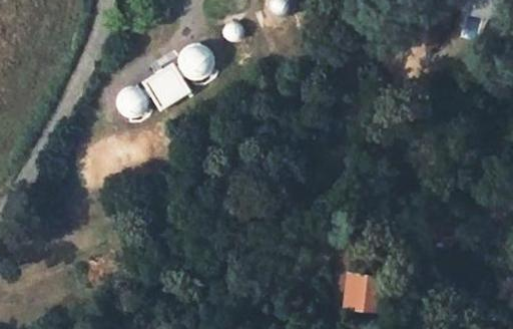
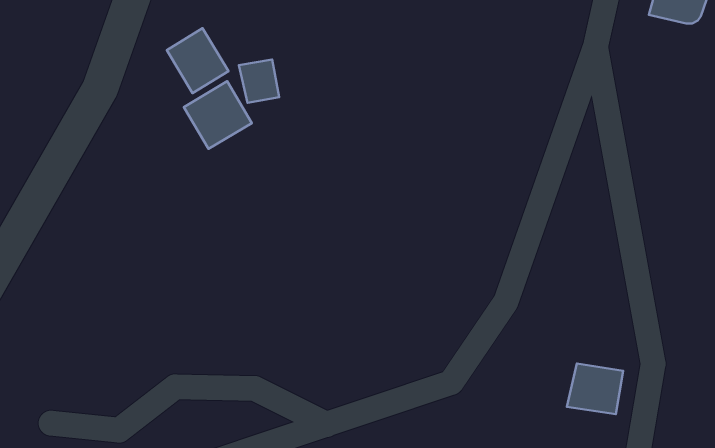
building: none -> [167,28,228,93]
building: [348,277,387,312] -> [567,364,623,414]

